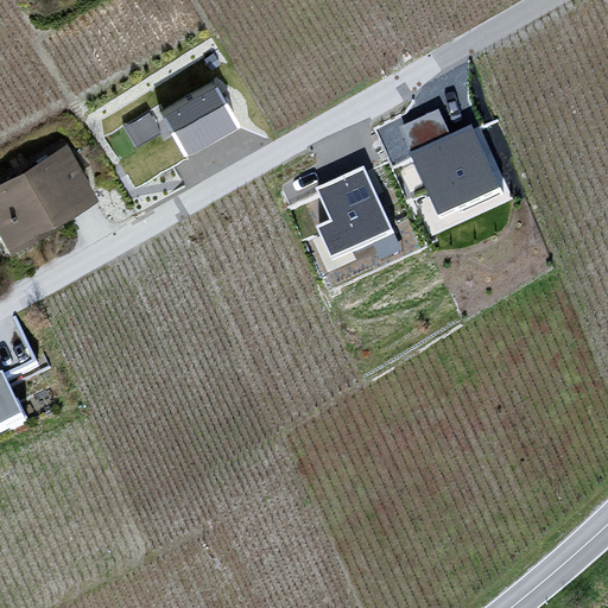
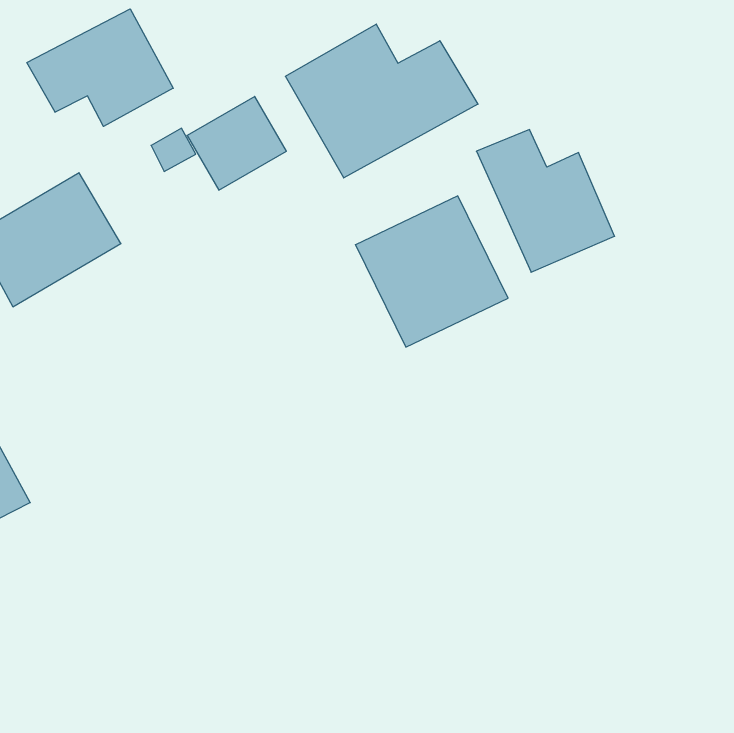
building: none -> [27,9,173,126]
building: none -> [285,24,478,178]

